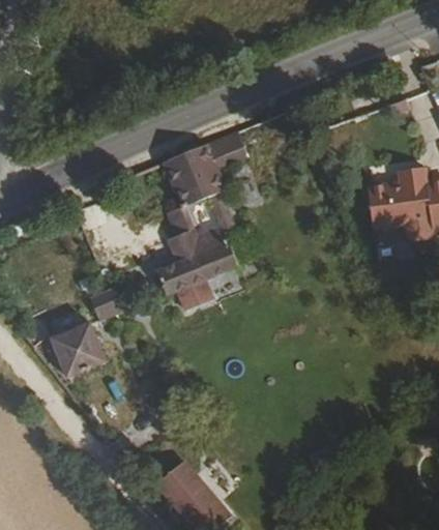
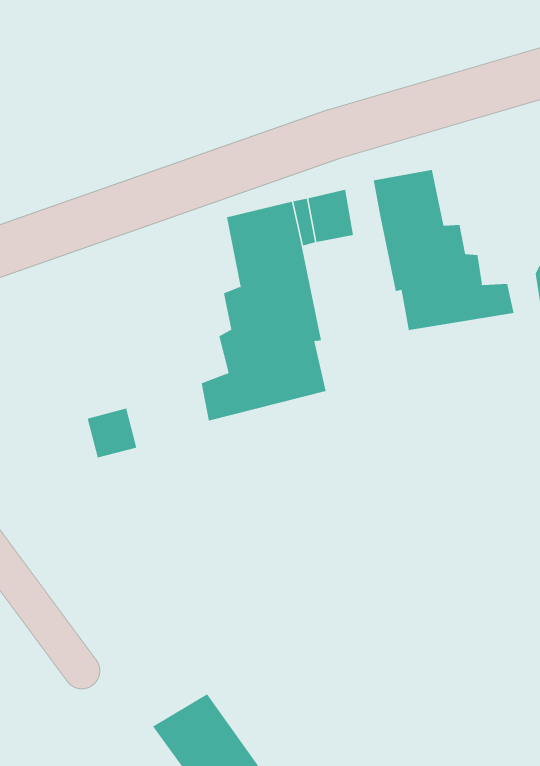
building: none -> [373,169,514,331]
building: [51,330,104,385] -> none

